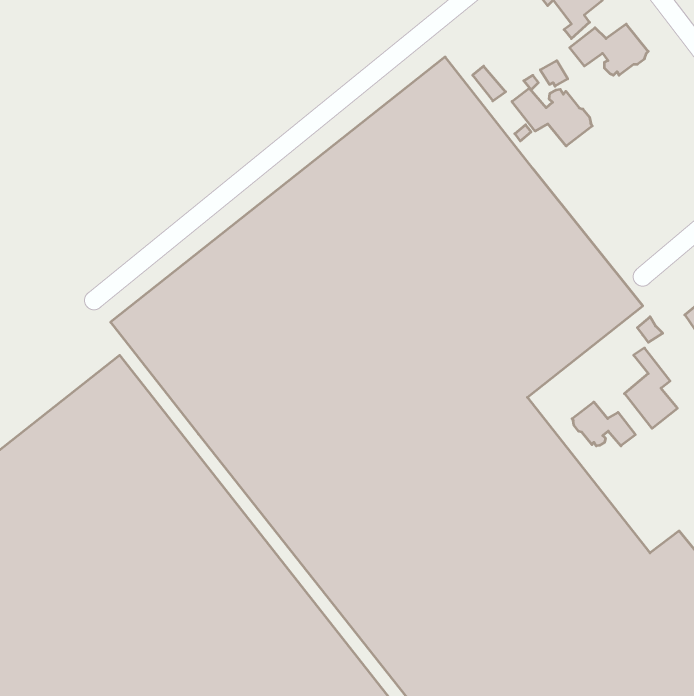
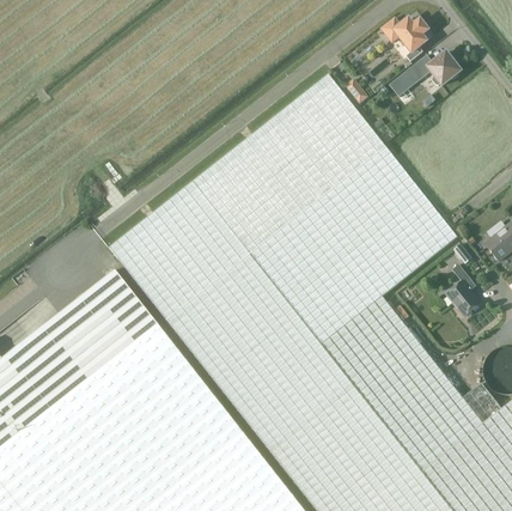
building: [512,88,592,146] -> none
building: [572,402,635,446] -> none

